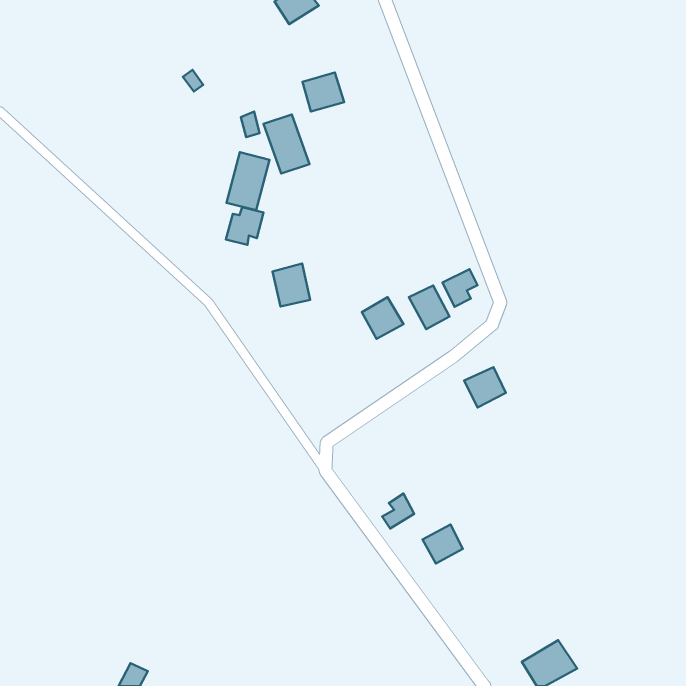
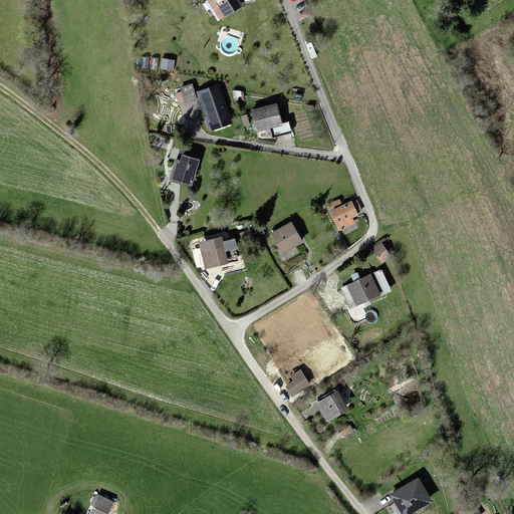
building: [303,72,344,111] -> [250,102,281,132]
building: [226,152,270,210] -> none
building: [272,263,310,306] -> [200,236,228,268]
building: [409,286,449,329] -> none

